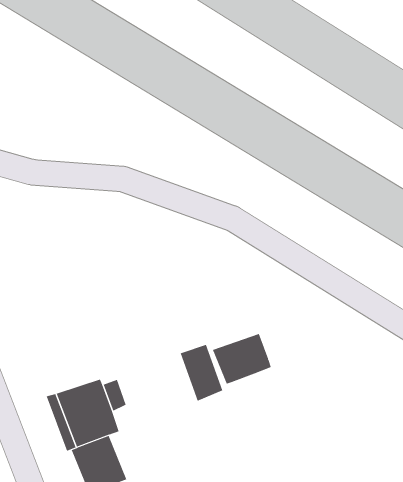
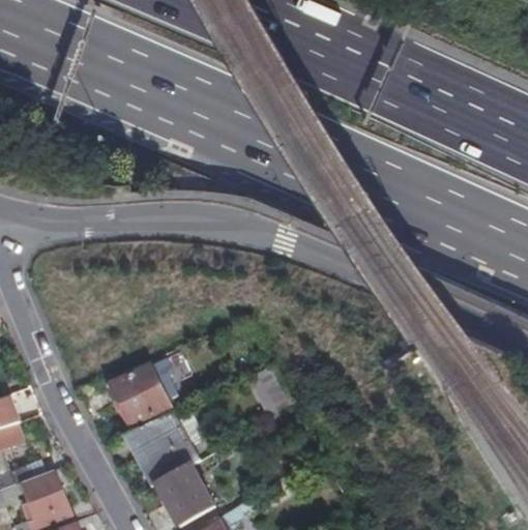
building: none -> [110,360,175,425]
building: [212,333,272,384] -> none

